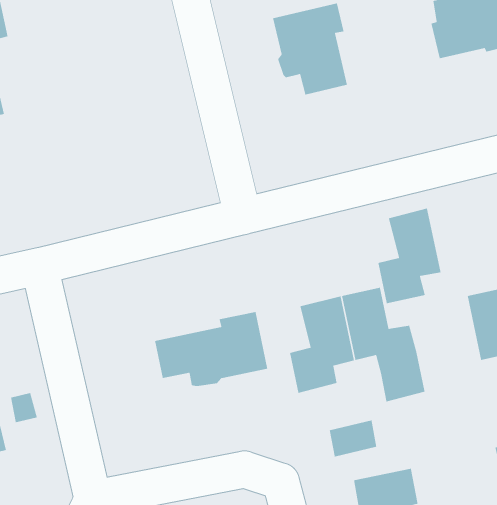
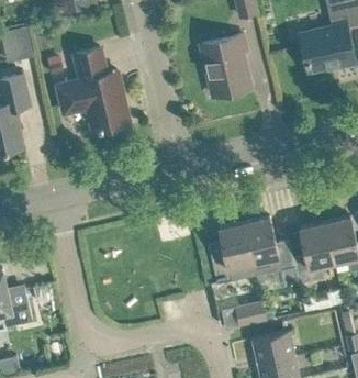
building: none -> [56,46,132,131]
building: [378,207,441,304] -> [292,221,333,282]
building: [154,311,268,387] -> none

